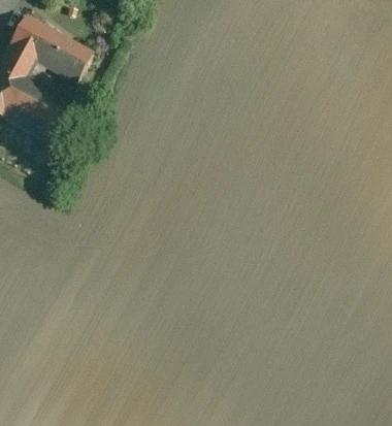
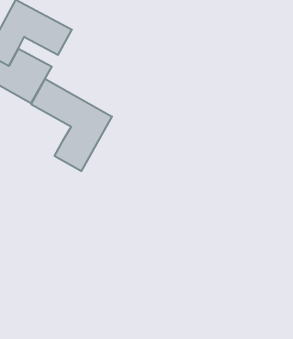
building: none -> [31,79,112,171]

